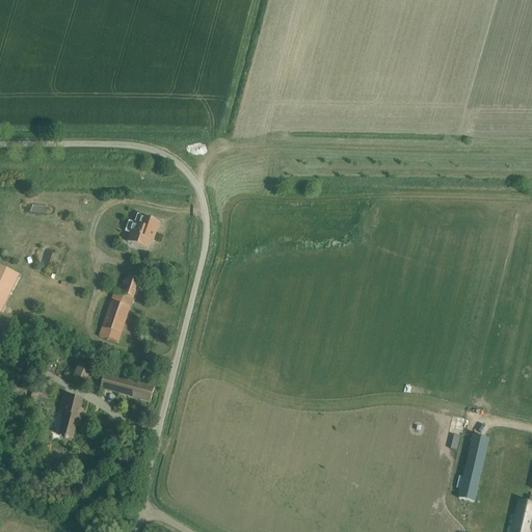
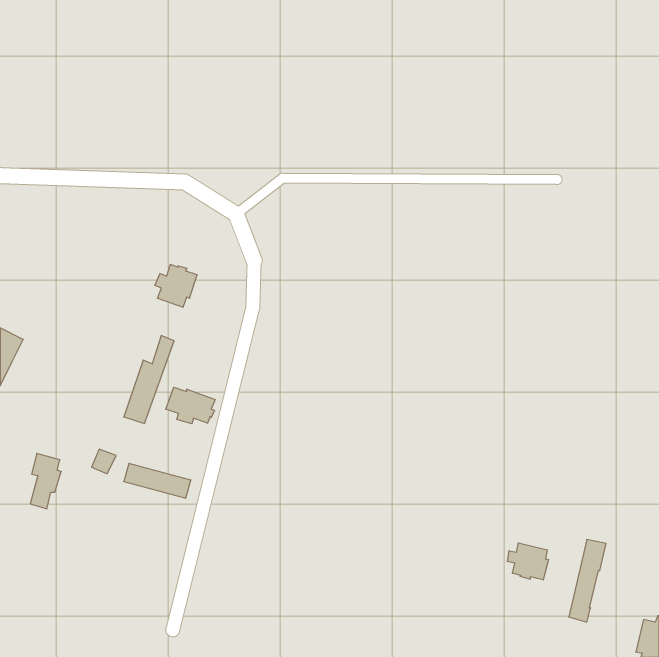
building: none -> [166,387,215,424]
building: [59,393,84,437] -> [30,453,61,509]
building: none -> [508,543,548,580]

